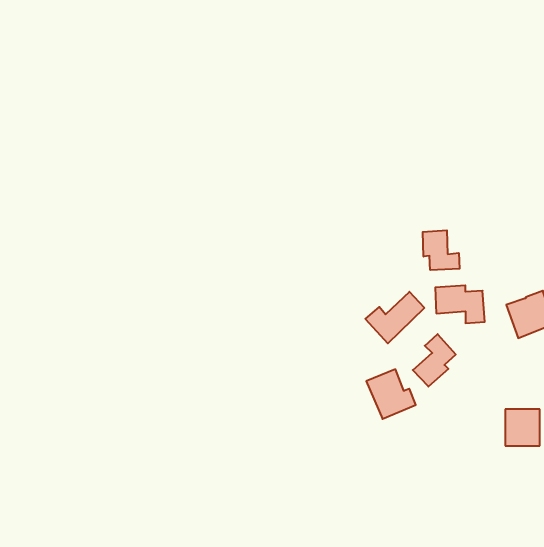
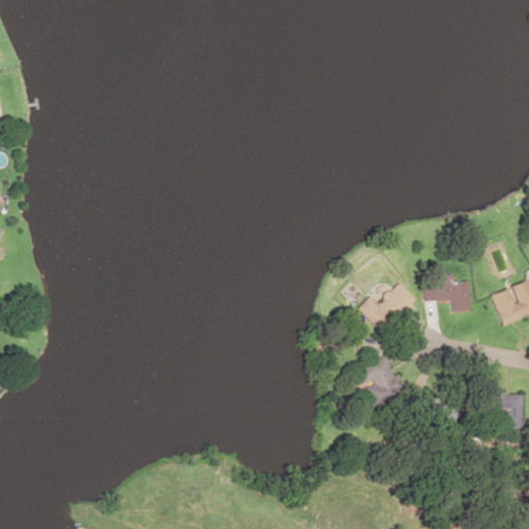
building: [423,230,460,270] -> none
building: [413,334,456,387] -> none

